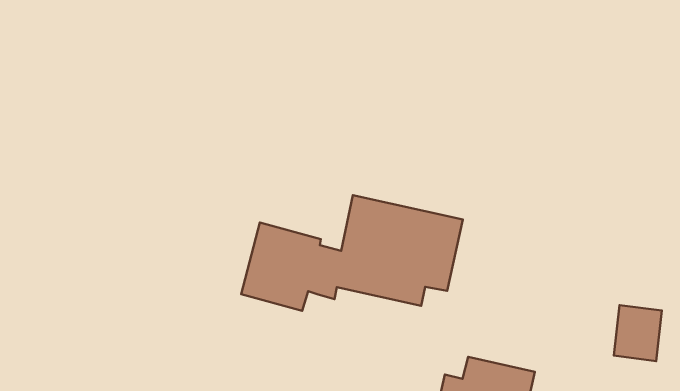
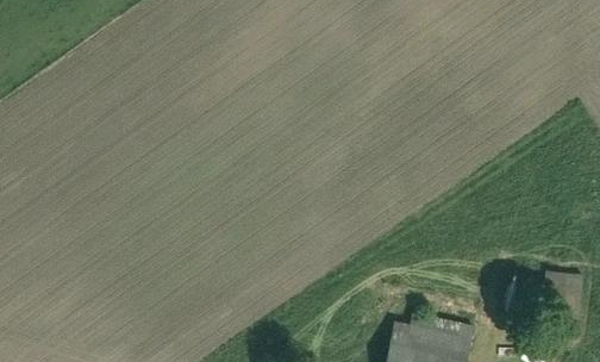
building: [241,195,463,311] -> none

